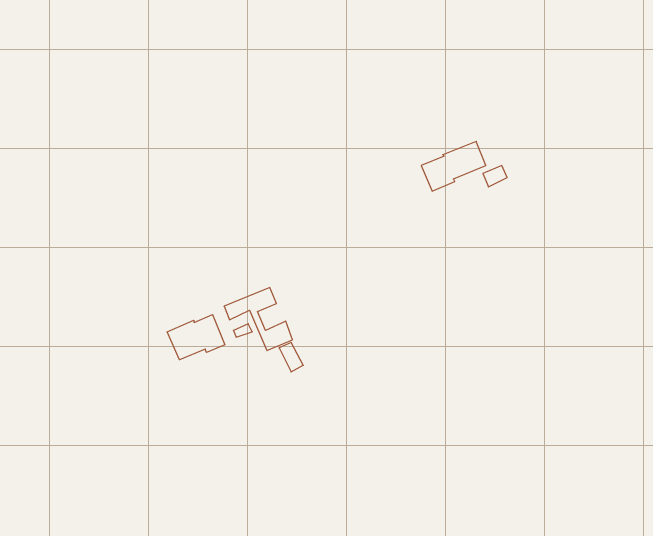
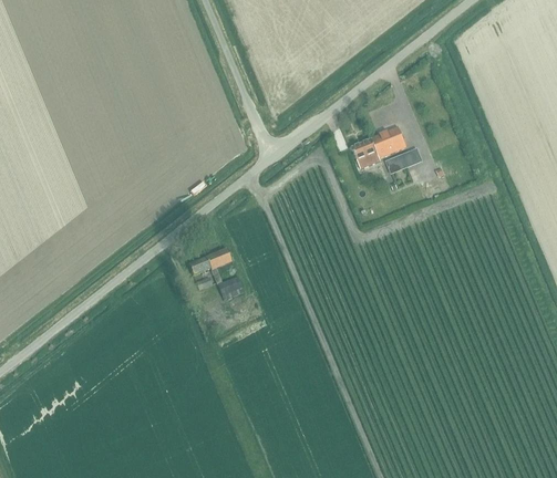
building: [167,315,225,360] -> none

